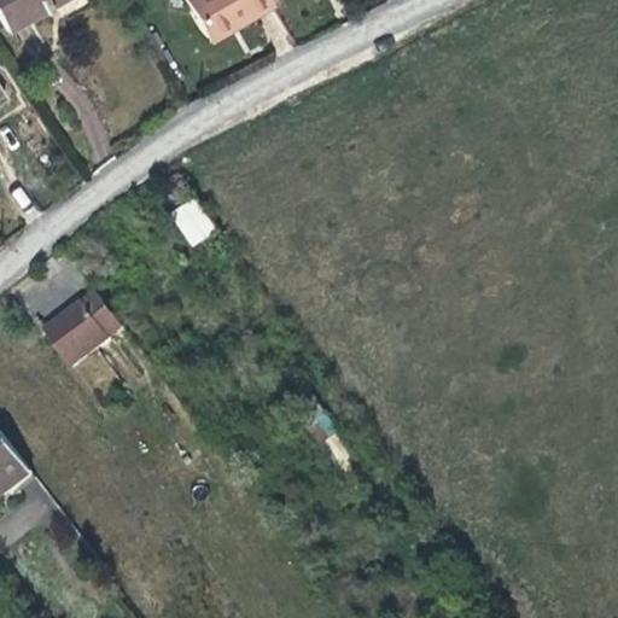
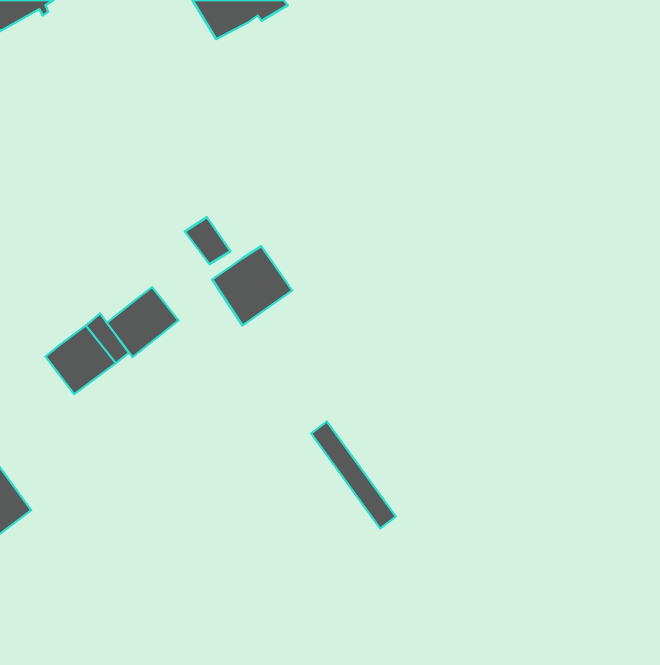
building: none -> [212,246,292,325]
building: none -> [107,287,178,357]

